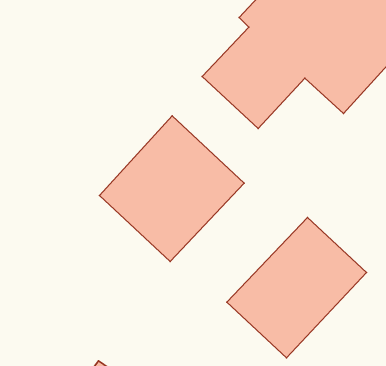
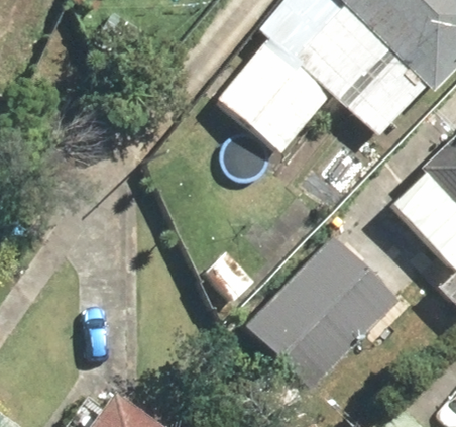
building: [99,116,244,262] -> none

